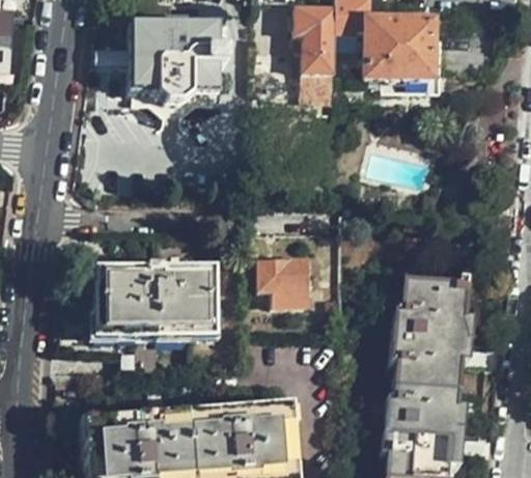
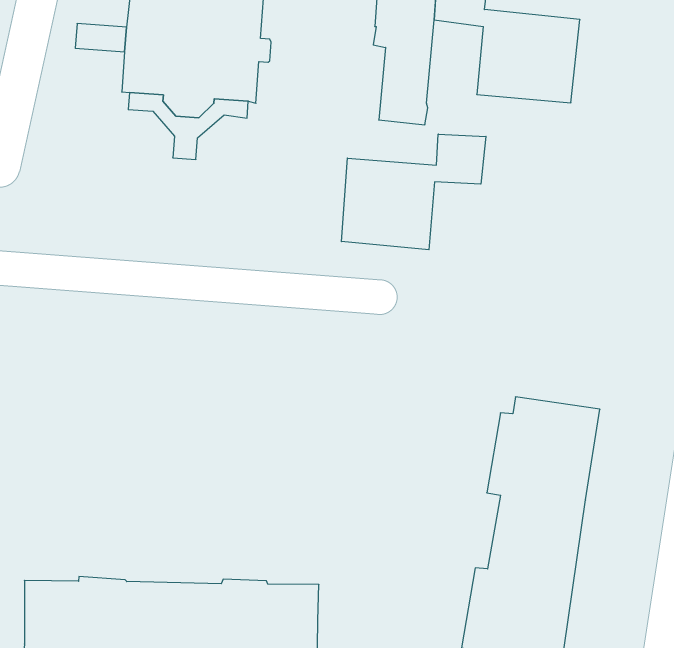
building: none -> [341,134,486,250]
building: [247,257,309,305] -> none
building: [95,260,216,338] -> none

